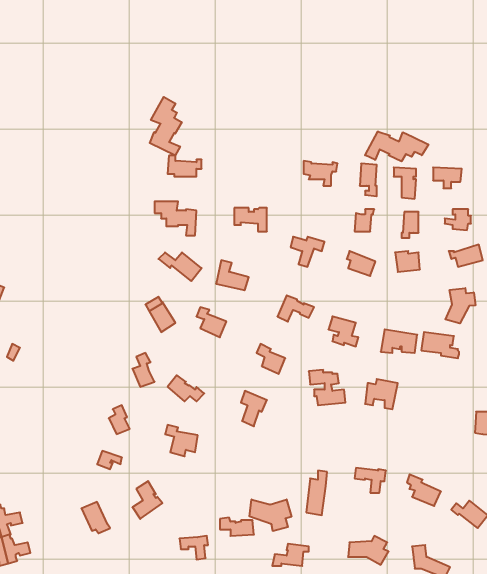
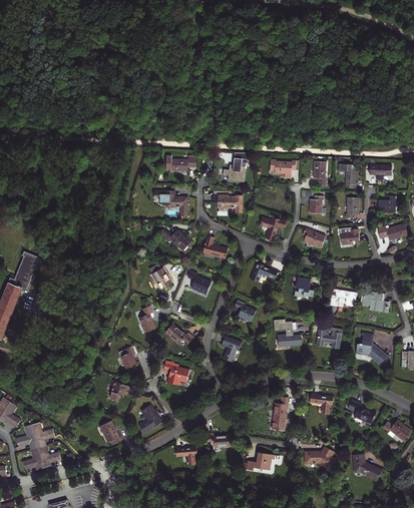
building: [150,97,182,155] -> none
building: [365,131,428,161] -> none
building: none -> [223,156,248,181]
building: [445,288,475,323] -> none
building: none -> [356,333,389,366]
building: [249,499,291,531] -> none

